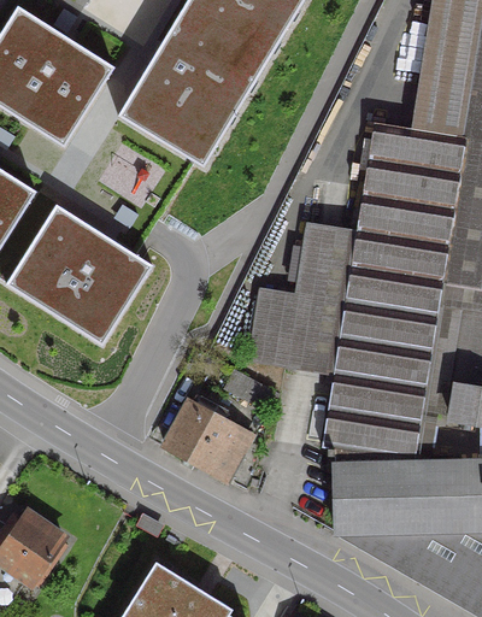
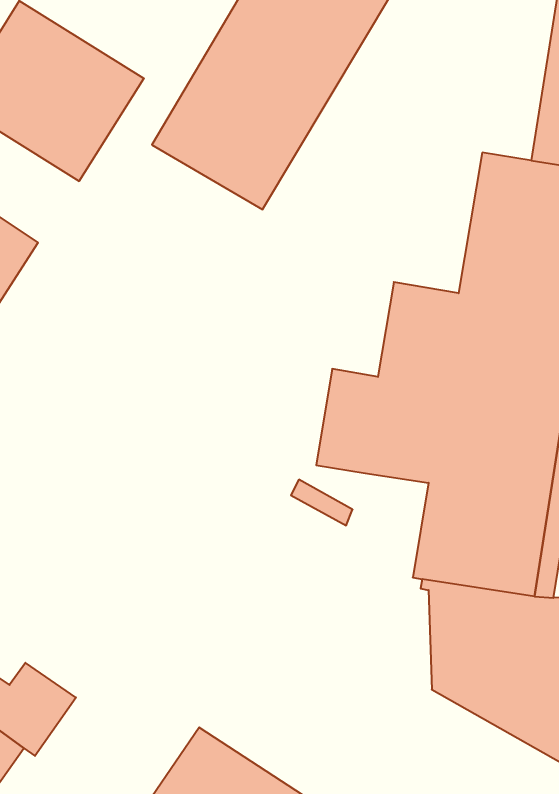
building: [12,207,151,339] -> none
building: [163,394,251,478] -> none

